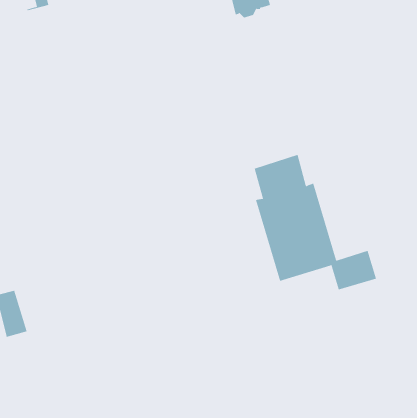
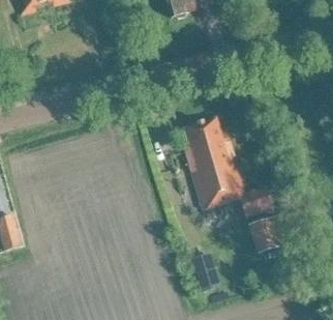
building: none -> [253,219,284,253]

